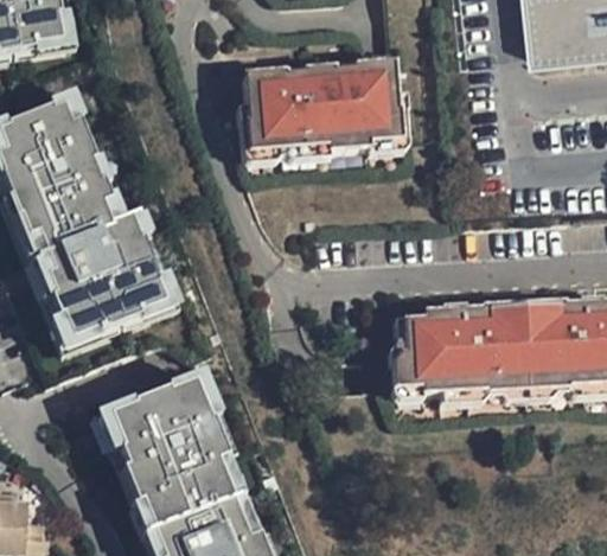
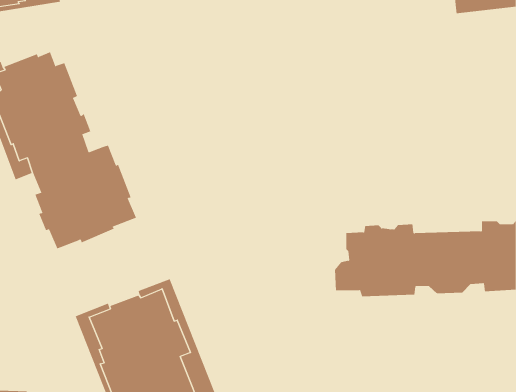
building: [243,63,398,152] -> none
building: [43,88,121,221] -> none
building: [21,209,173,347] -> none

